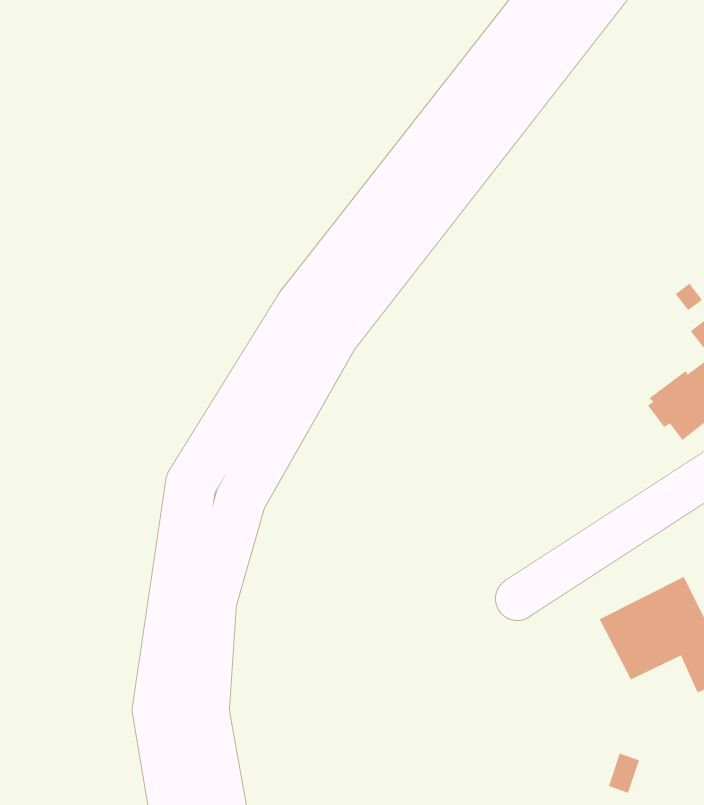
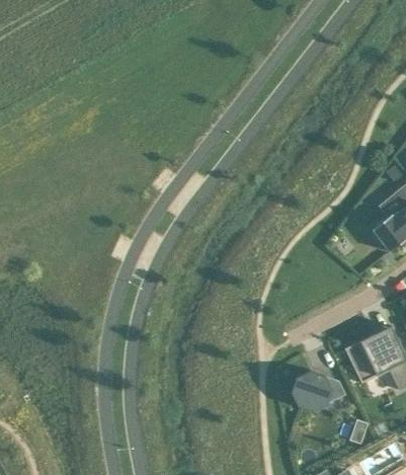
building: none -> [291,371,345,412]

